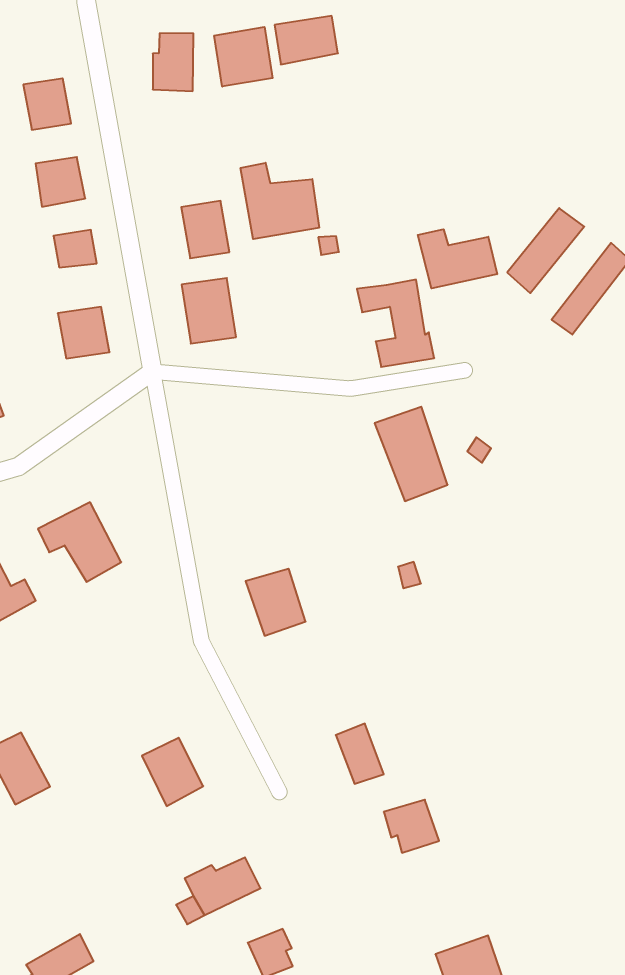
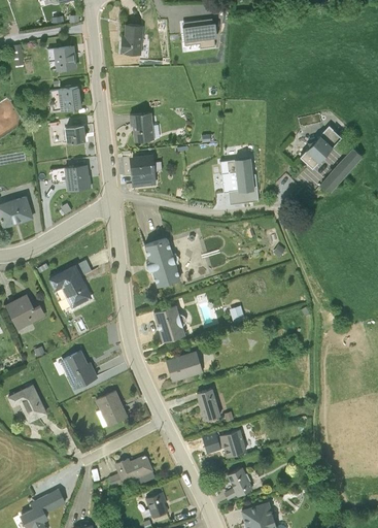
building: [214,27,273,87] -> none
building: [241,163,319,239] -> none
building: [418,229,497,288] -> none
building: [375,407,448,501] -> [143,238,179,287]
building: none -> [165,351,202,381]
building: none -> [60,350,97,388]
building: none -> [227,468,252,498]

